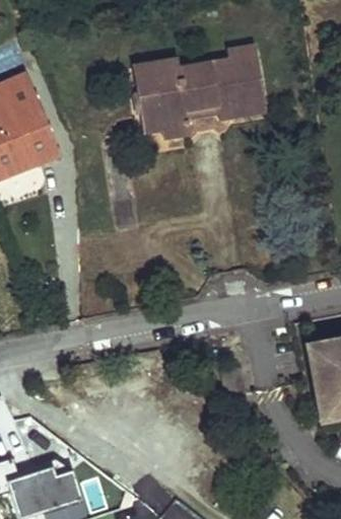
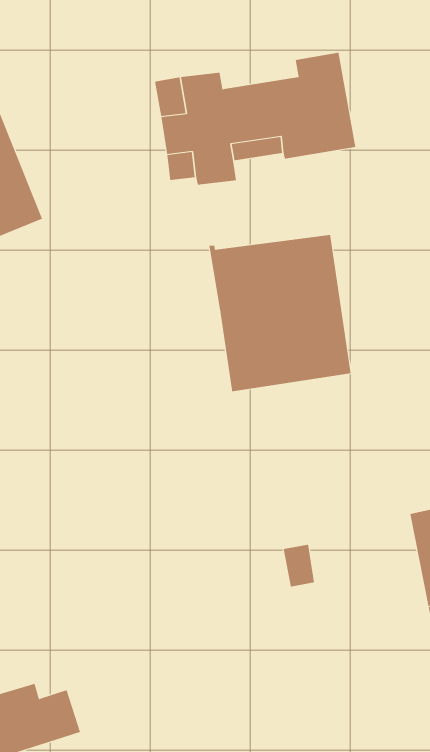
building: none -> [209,234,351,392]

